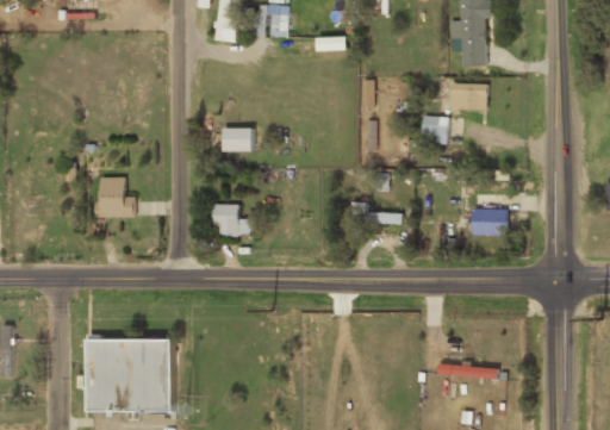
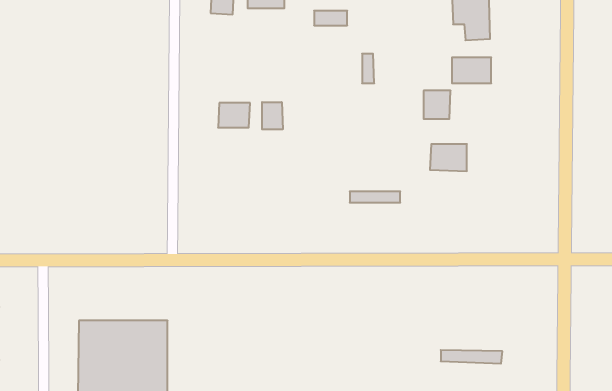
building: none -> [262,102,283,129]
building: [98,177,136,217] -> none
building: [213,204,253,235] -> none
building: [472,208,508,235] -> [430,144,467,171]

